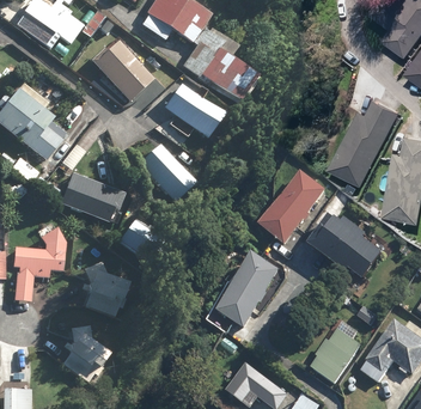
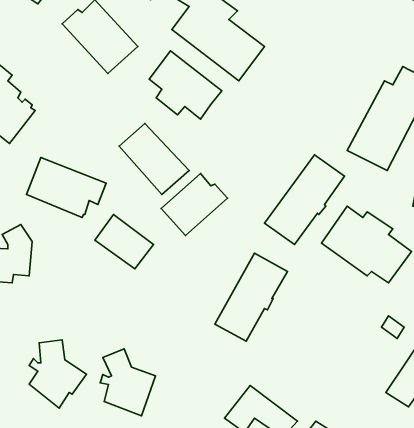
building: none -> [161,173,227,235]
building: [80,262,127,318] -> [100,349,156,416]
building: [311,329,361,384] -> none

